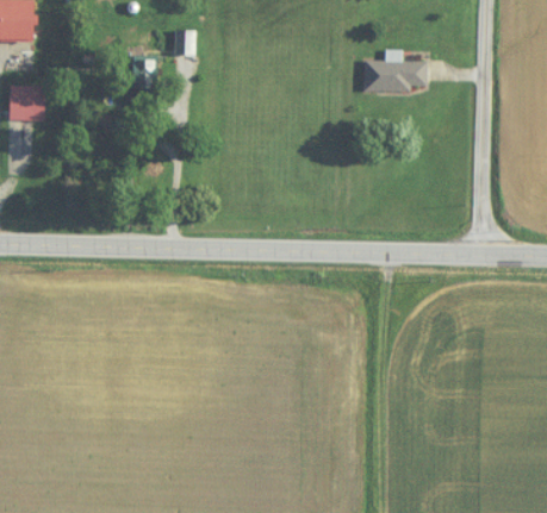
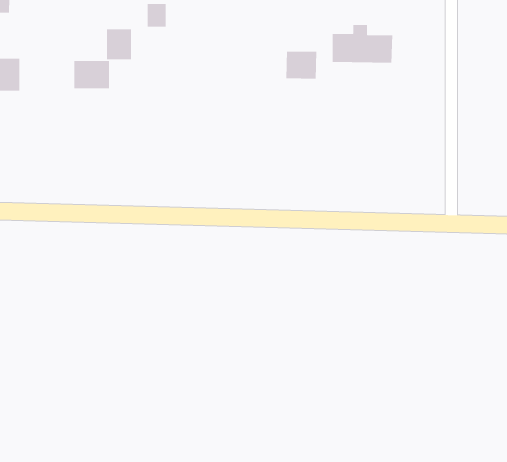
building: none -> [286,51,317,79]
building: none -> [73,60,110,89]

